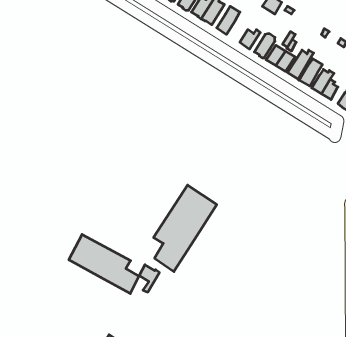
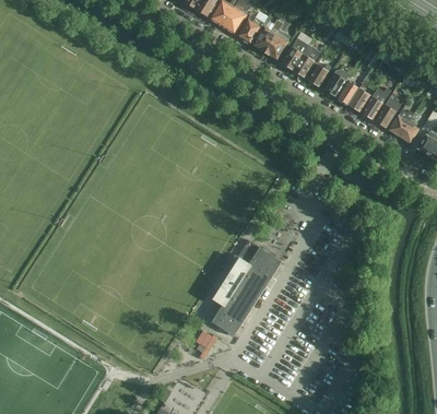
building: none -> [293,45,319,79]
building: [69,234,139,294] -> none

